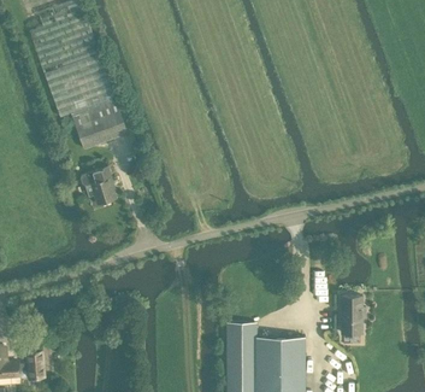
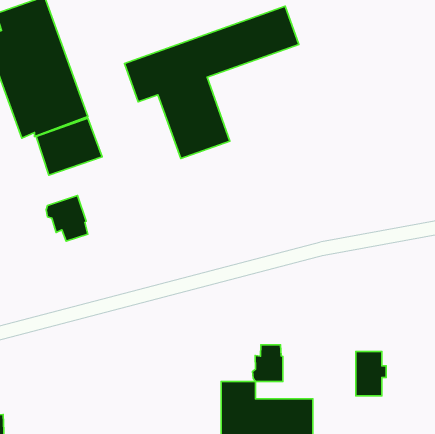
building: none -> [125,6,299,159]
building: none -> [252,345,283,382]

